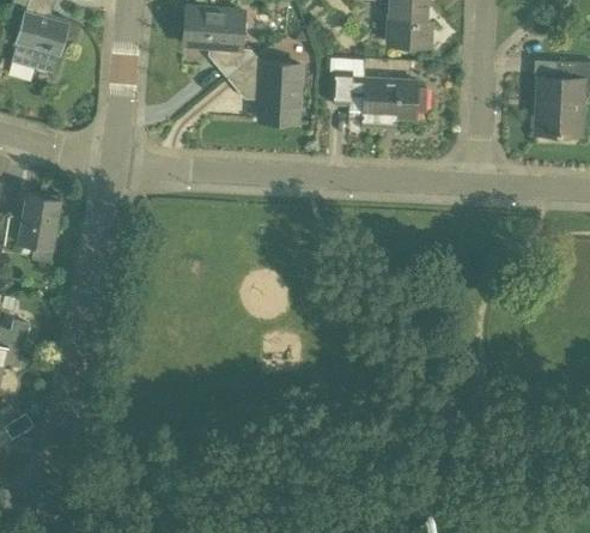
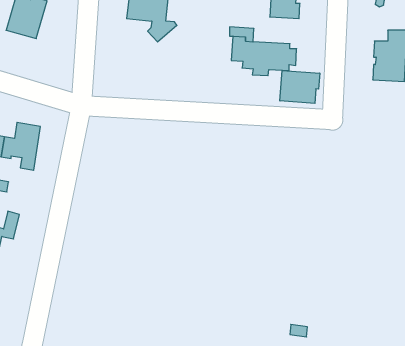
building: [227,56,302,125] -> none
building: none -> [280,71,320,103]

